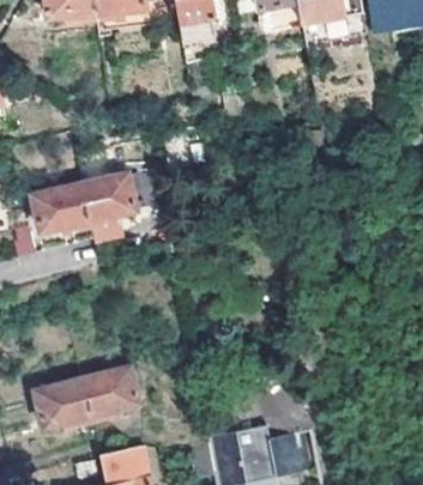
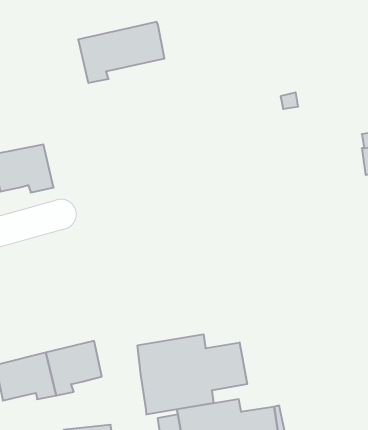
building: [79,168,161,225] -> [78,22,164,83]
building: none -> [138,334,247,415]

